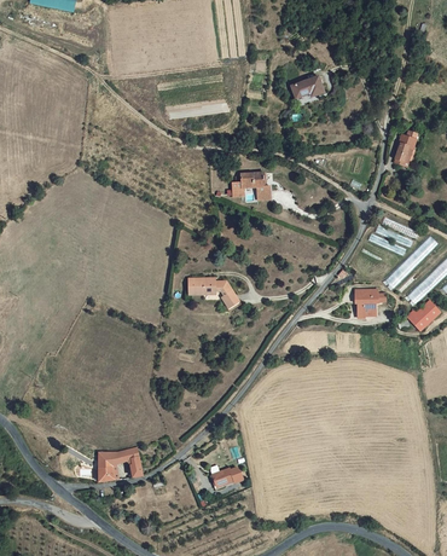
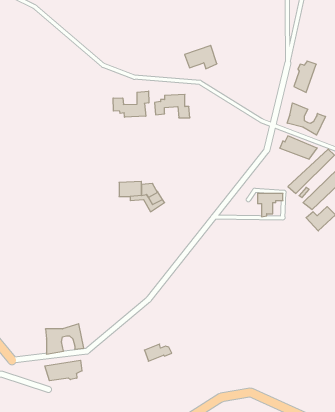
building: [285,71,324,99] -> [185,45,217,69]
building: none -> [113,91,149,117]
building: none -> [287,103,325,135]
building: none -> [45,360,82,381]

